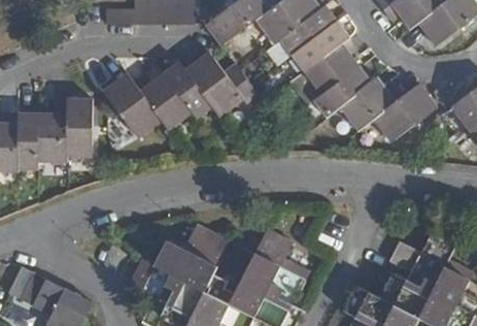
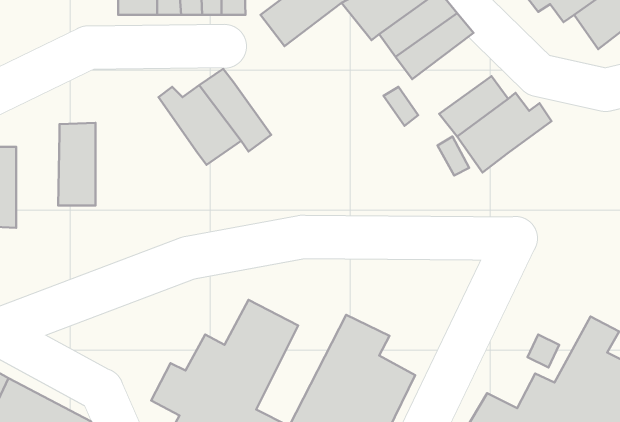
building: [309,36,364,92] -> none
building: [186,54,258,117] -> none
building: [104,71,162,135] -> none
building: [375,85,438,142] -> none
building: [37,105,67,161] -> none

